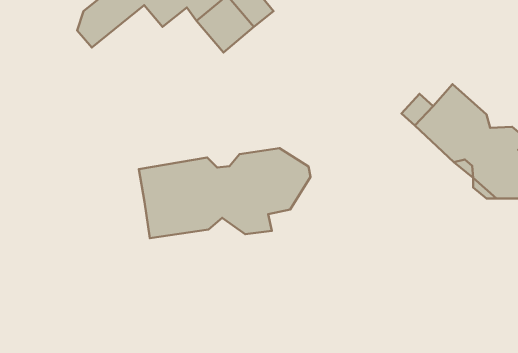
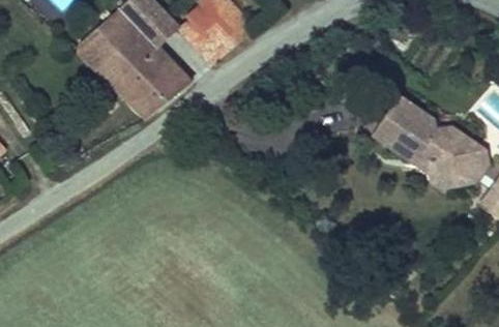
building: none -> [98,27,188,119]
building: [139,148,311,238] -> none

